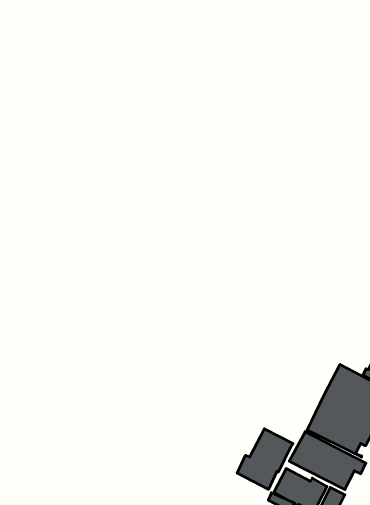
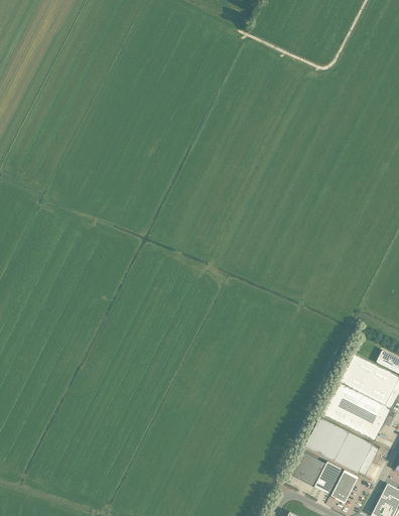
building: [237,429,293,489] -> none

